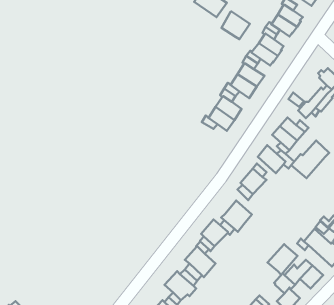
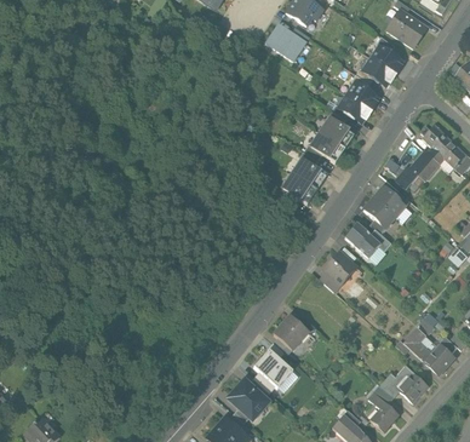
building: [222,12,250,39] -> none
building: [291,140,329,178] -> none
building: [221,200,252,232] -> none
building: [268,244,298,275] -> none

